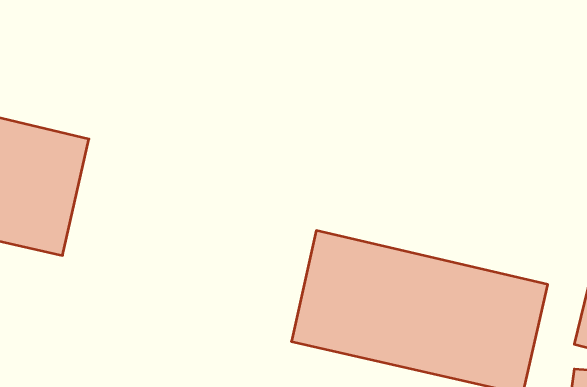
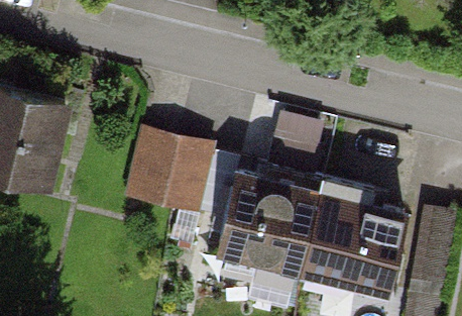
building: none -> [127,137,212,218]

